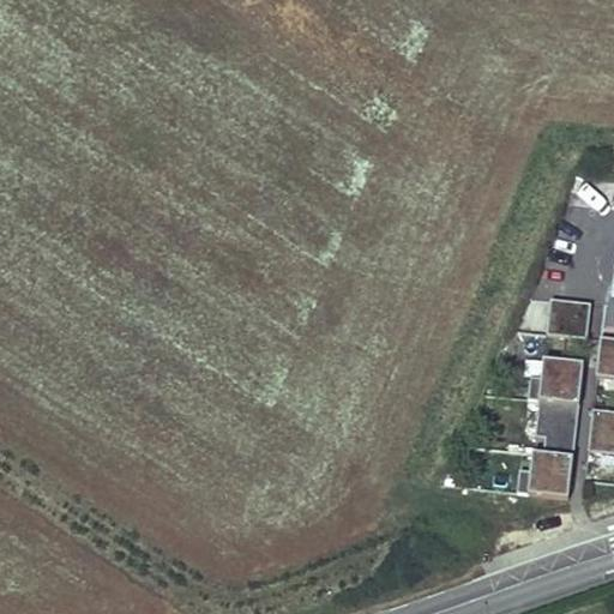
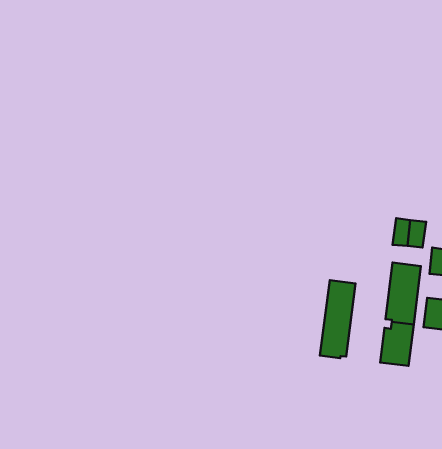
building: none -> [320,280,356,358]

